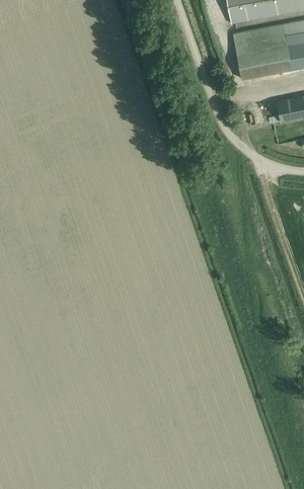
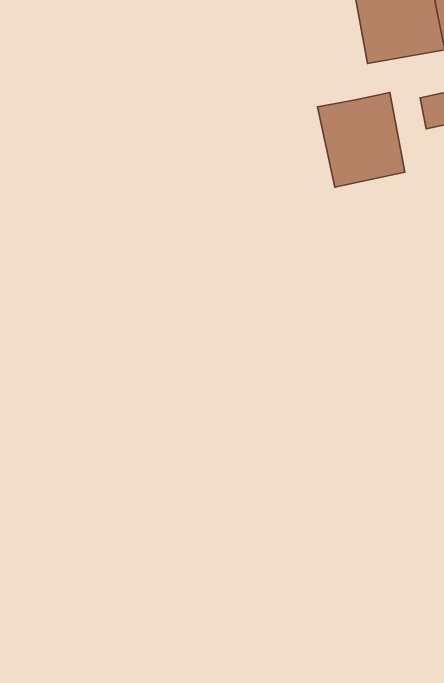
building: none -> [318,93,405,187]

